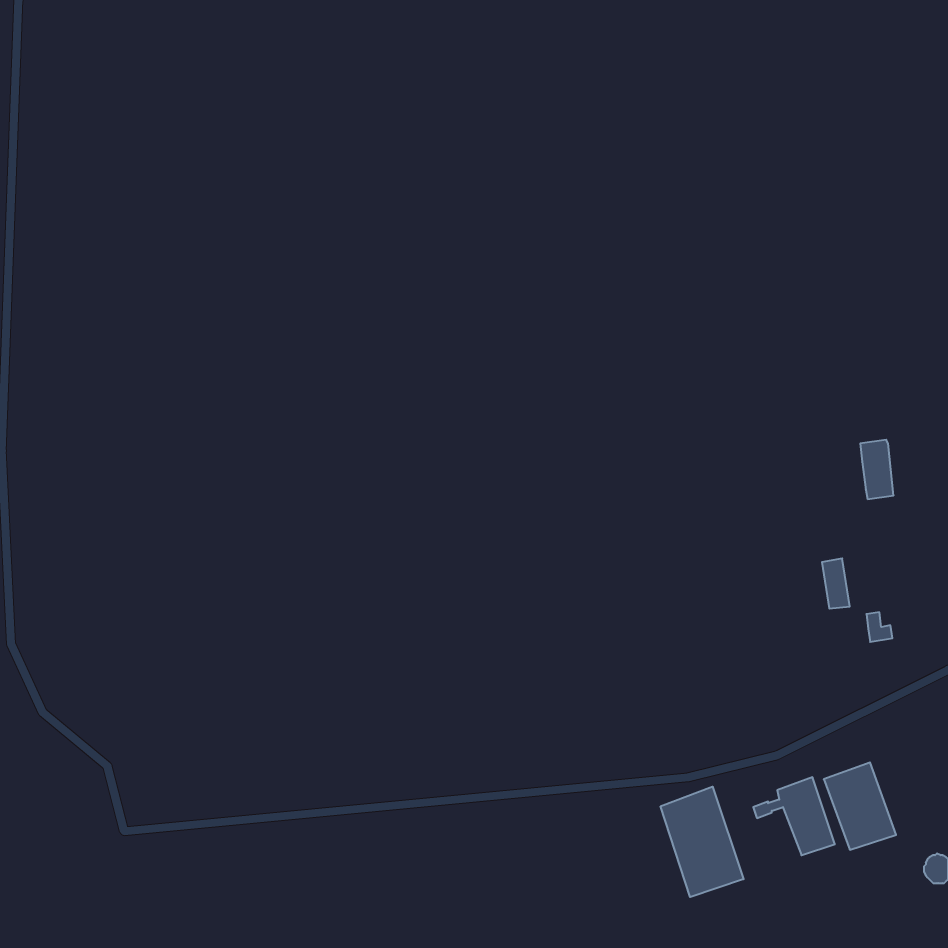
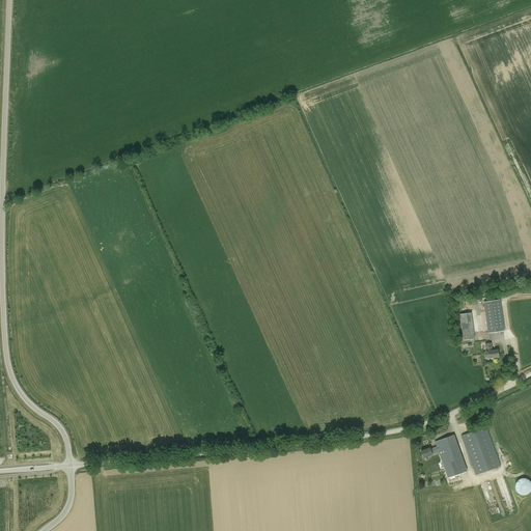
building: [860,440,894,499] -> [484,300,503,333]
building: [661,787,744,897] -> none

